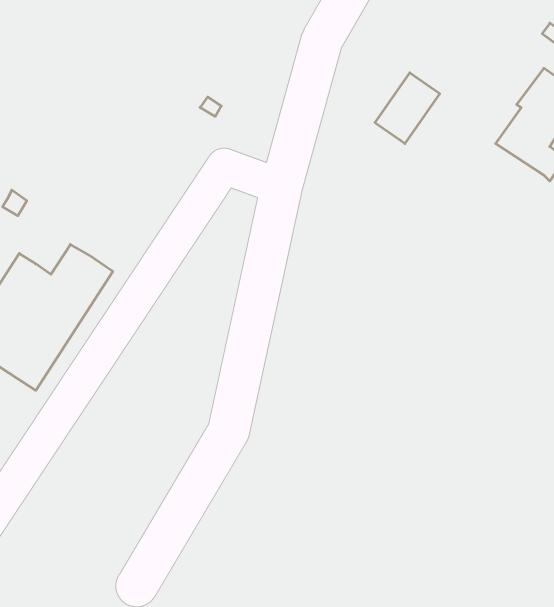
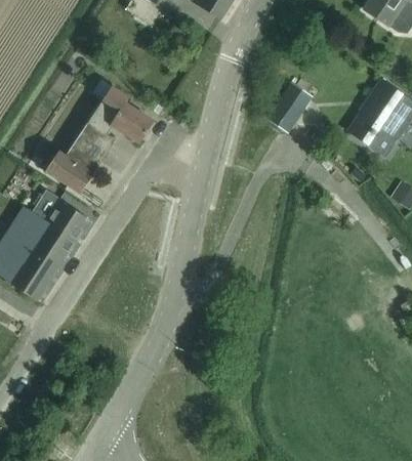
building: none -> [46,78,154,193]

